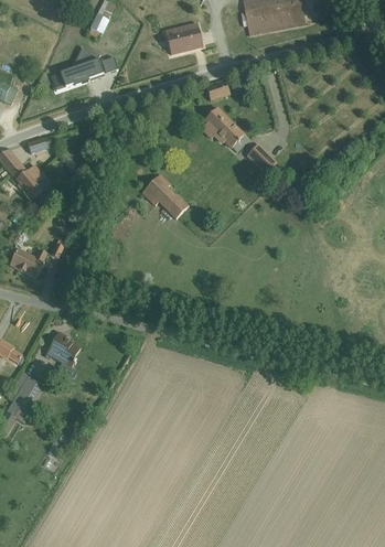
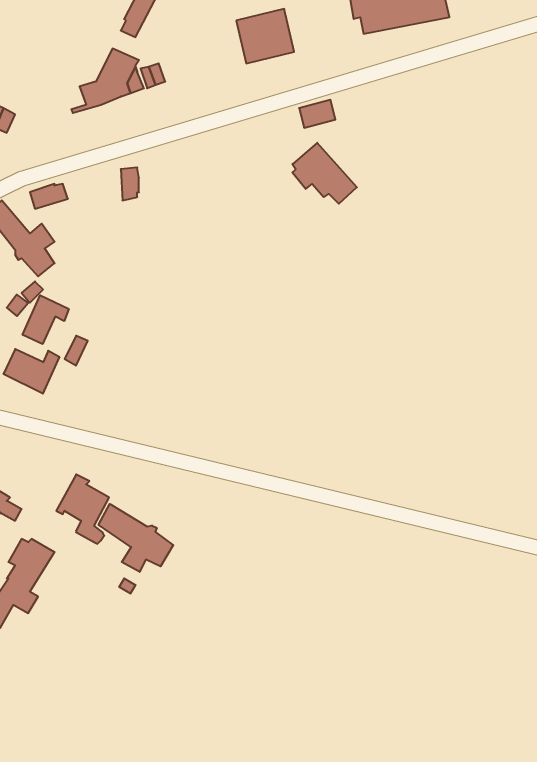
building: [245,144,276,175] -> none
building: [141,175,190,224] -> none
building: none -> [23,295,69,344]
building: none -> [99,504,173,572]

